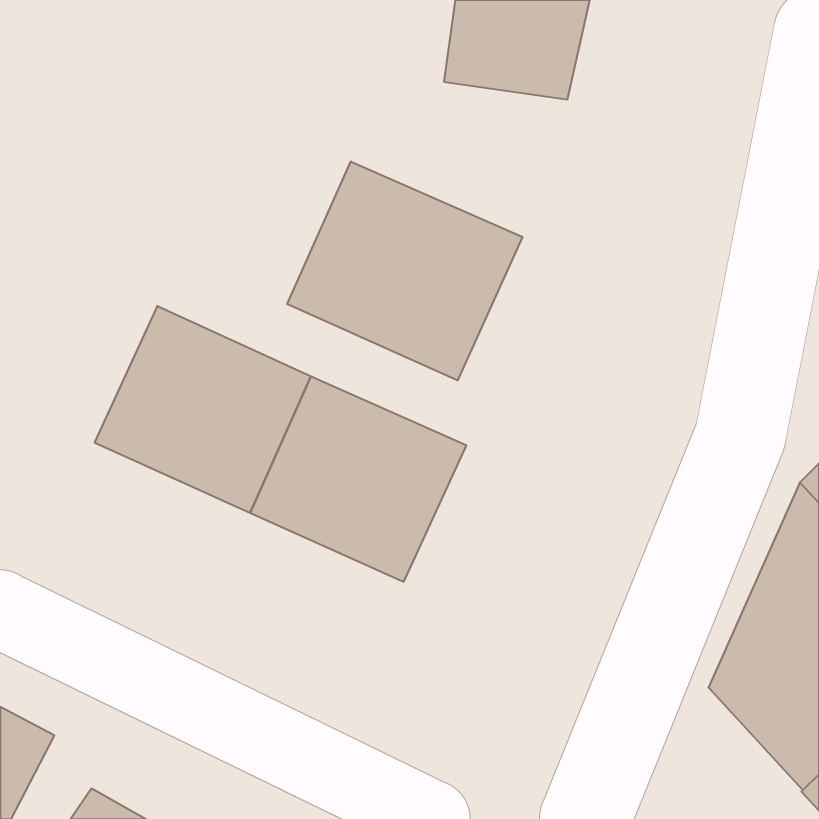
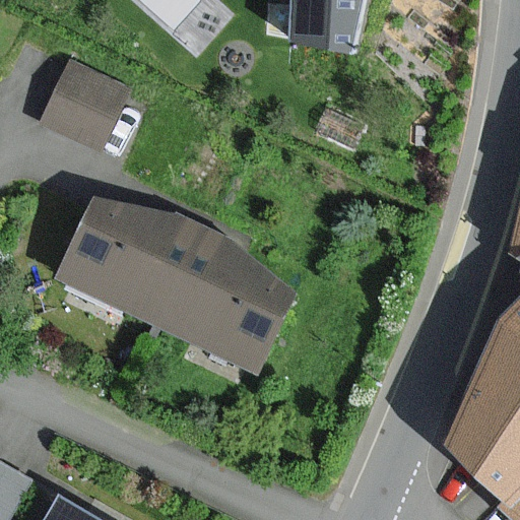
building: none -> [39,60,128,151]
building: [287,161,522,380] -> none

